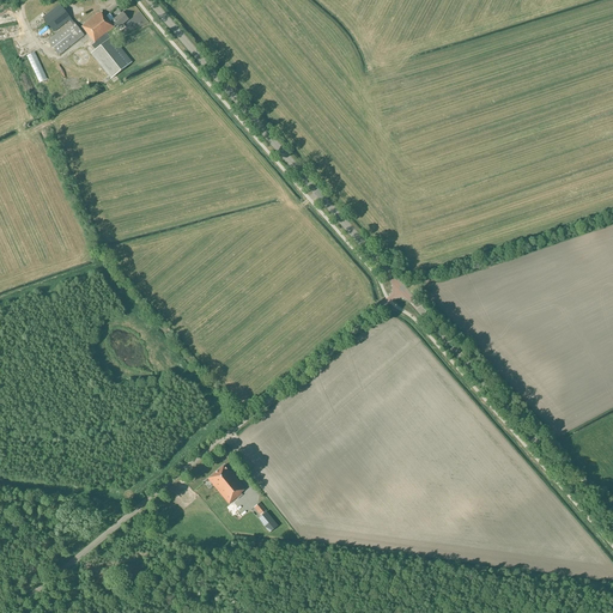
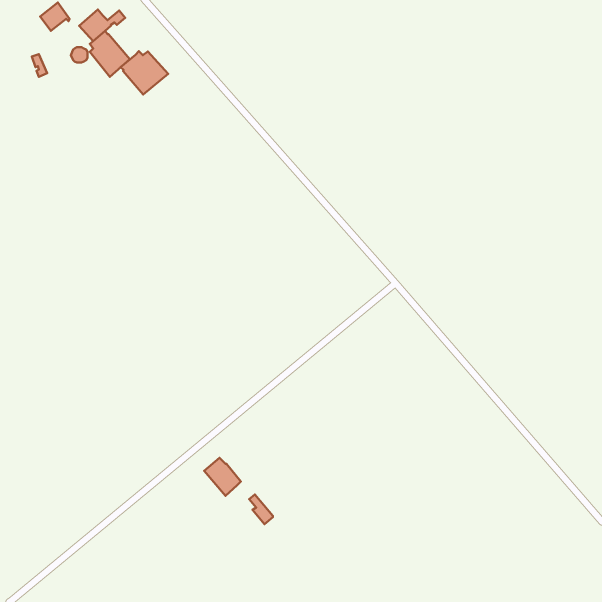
building: [45,19,84,54] -> none
building: none -> [120,51,168,95]

